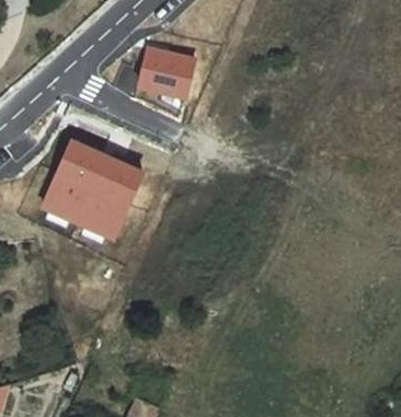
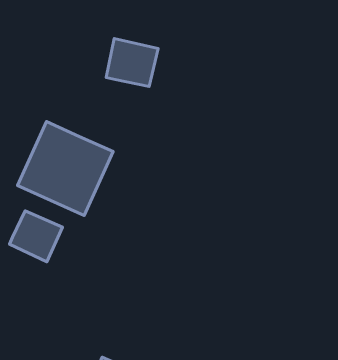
building: none -> [9,211,62,262]

